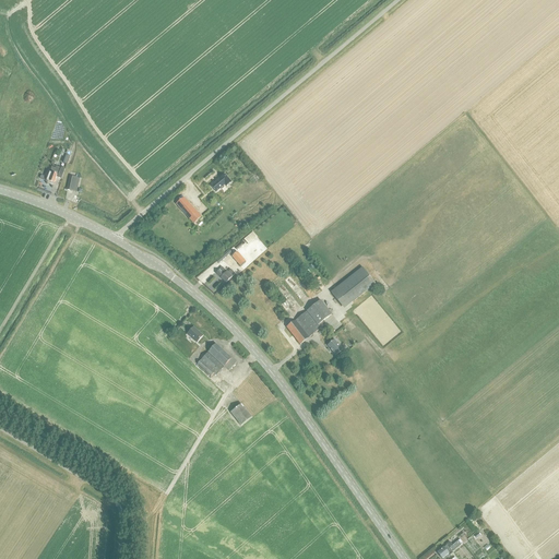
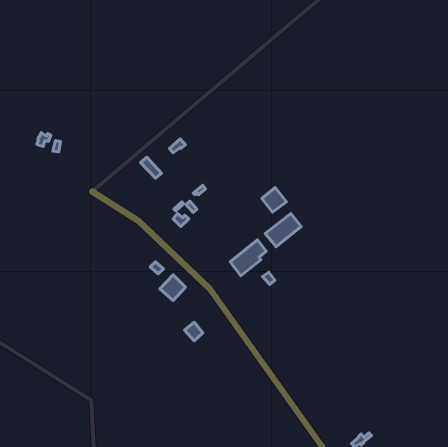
building: none -> [262,187,287,212]

